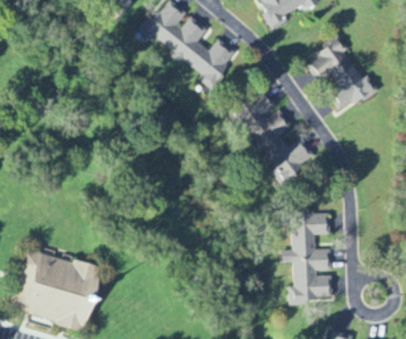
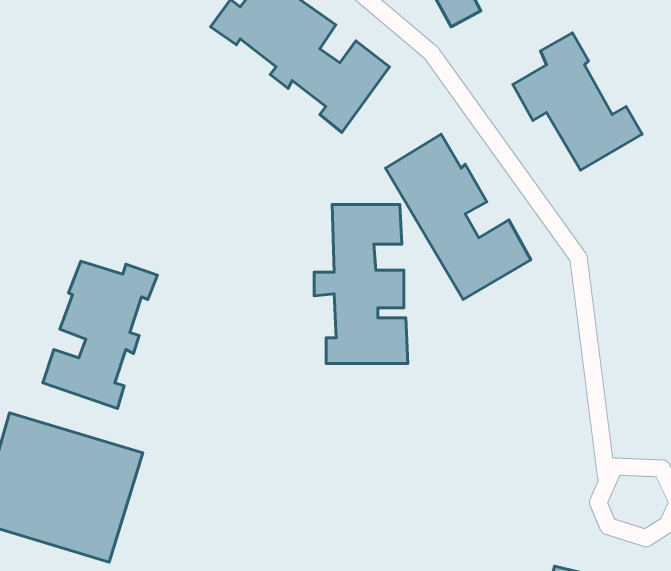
building: none -> [43,261,157,408]
building: [281,212,333,300] -> [314,204,408,364]

